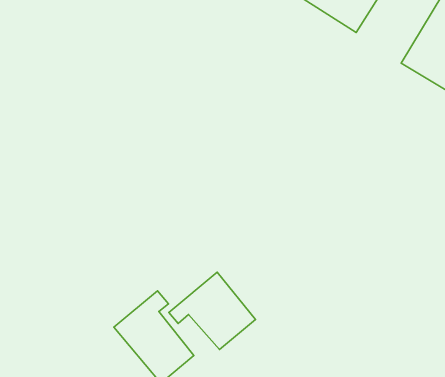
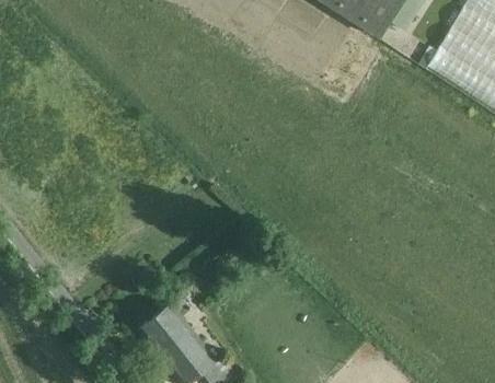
building: [169,272,256,350] -> none

